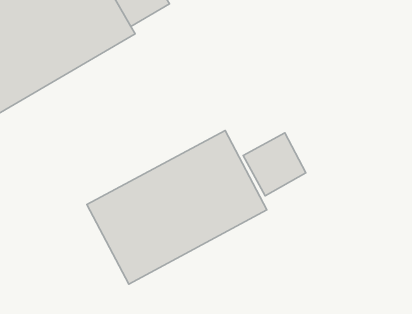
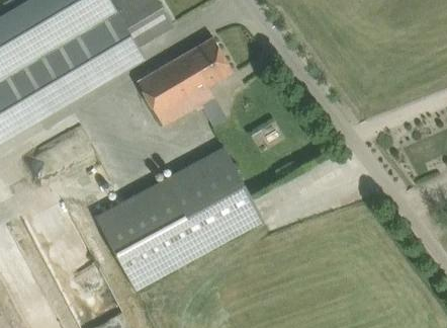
building: none -> [138,36,233,126]
building: [243,133,306,196] -> none

